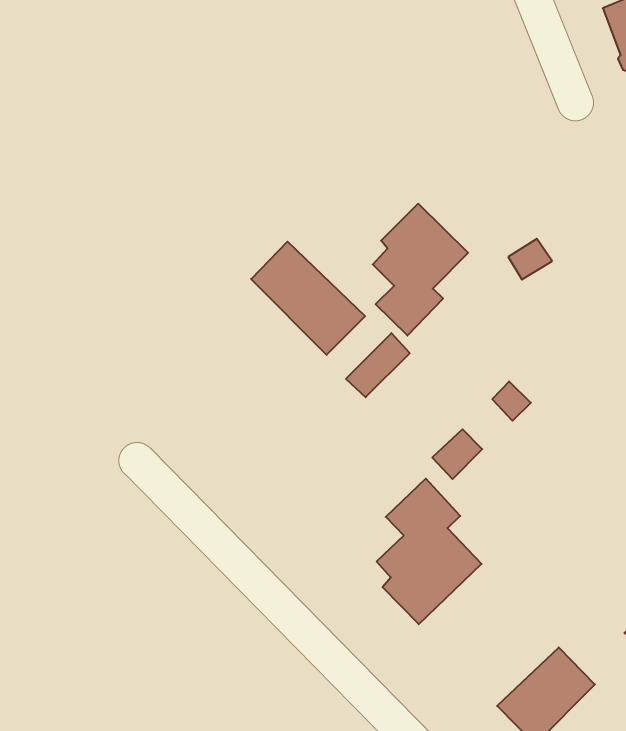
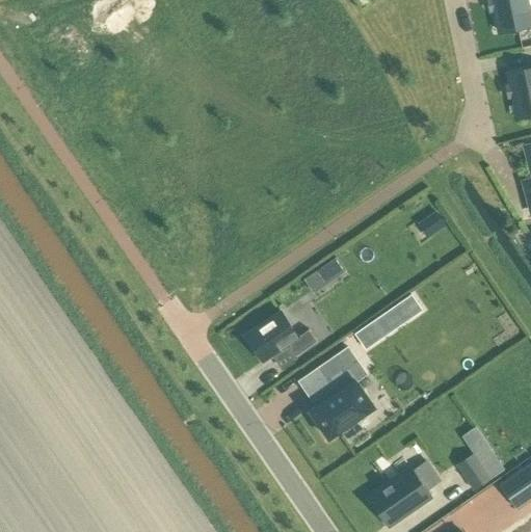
building: [373,204,468,336] -> none
building: [251,242,365,355] -> none
building: none -> [246,311,318,362]

